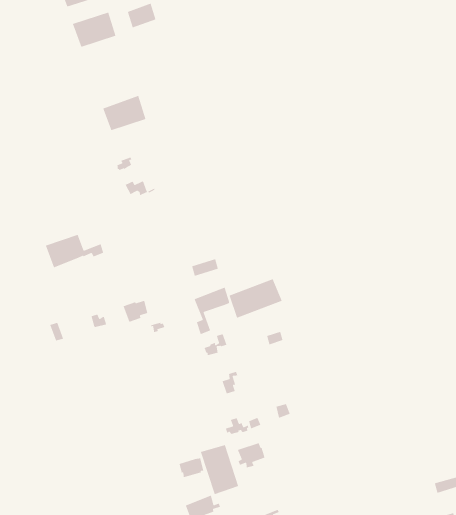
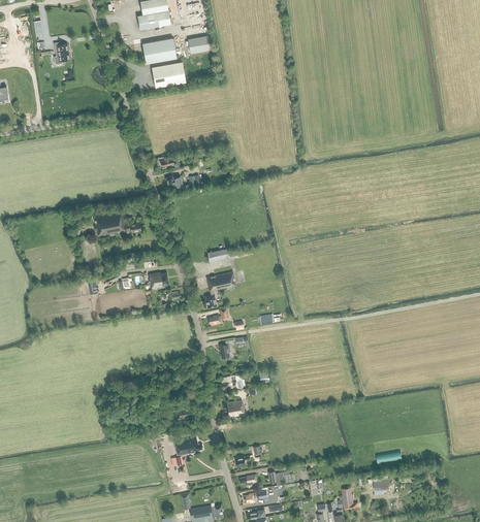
building: [102,95,146,131] -> [151,61,185,87]
building: [229,278,283,319] -> none
building: [200,444,239,495] -> none

